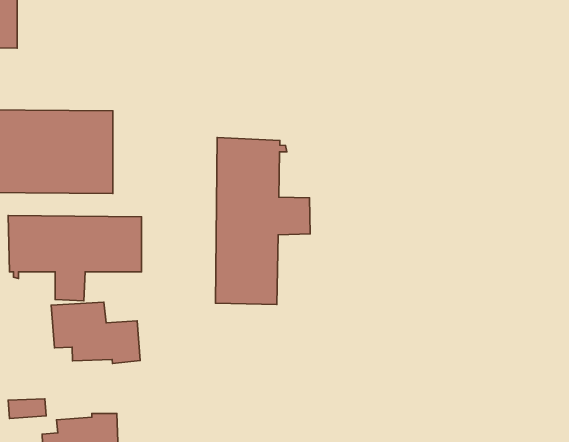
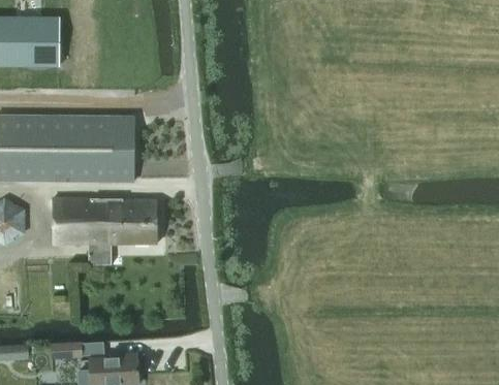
building: [215,137,310,305] -> none
building: [51,302,140,363] -> none

